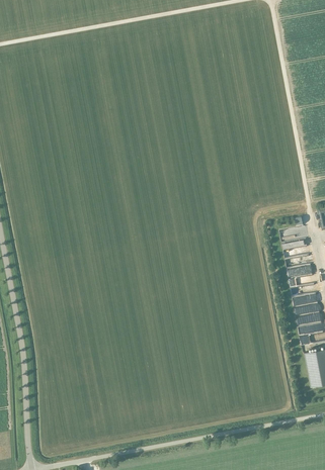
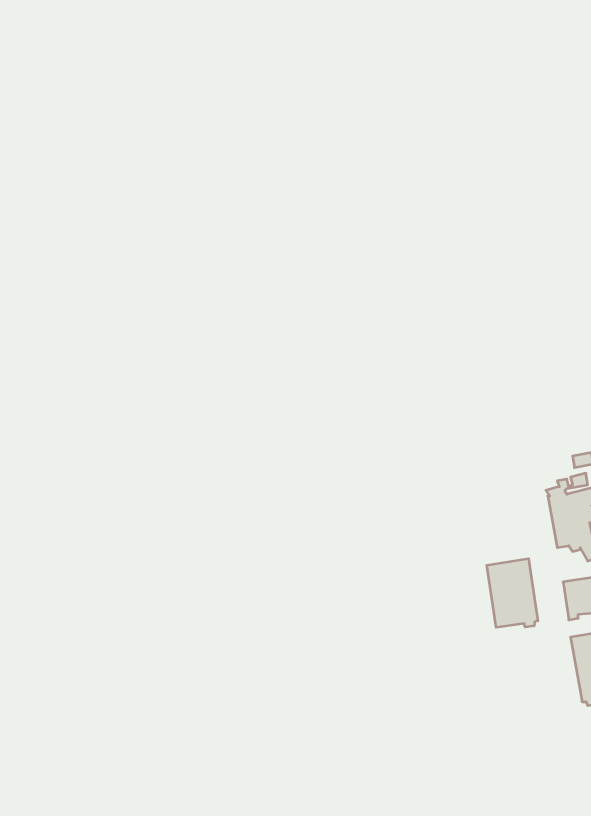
building: none -> [487,559,538,627]

